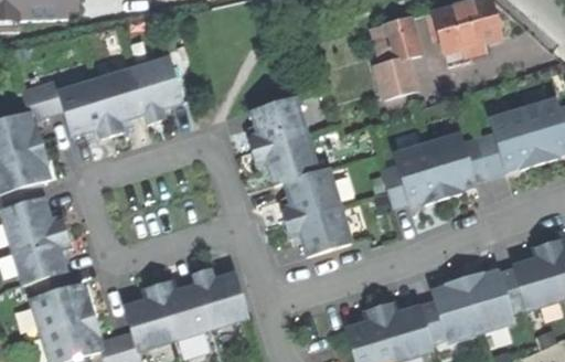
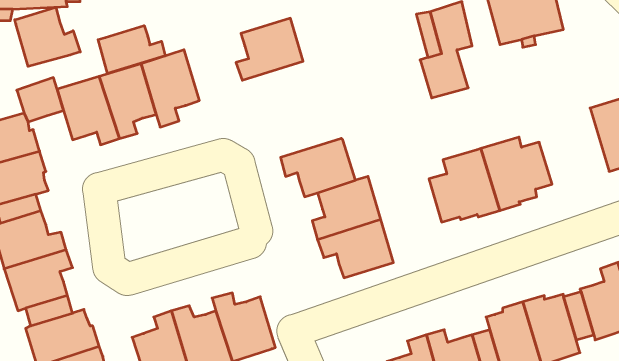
building: none -> [15,7,80,66]
building: none -> [98,26,165,73]
building: [478,90,539,173] -> none
building: [247,96,306,150] -> [236,18,303,80]

